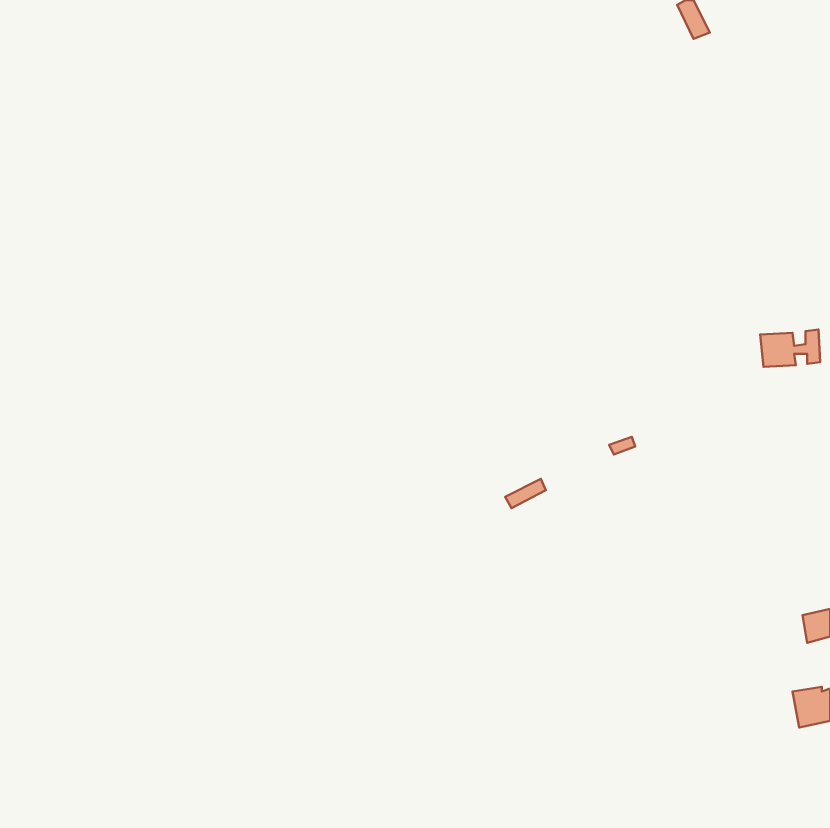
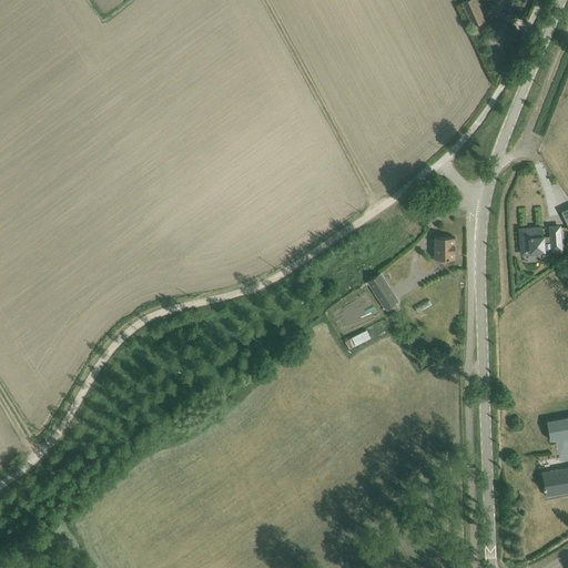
building: none -> [435,239,455,261]
building: none -> [367,274,398,311]

